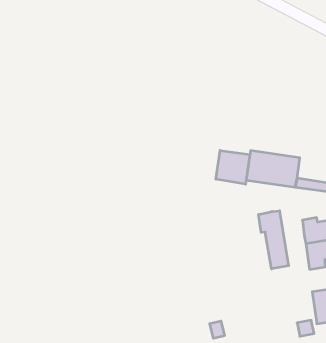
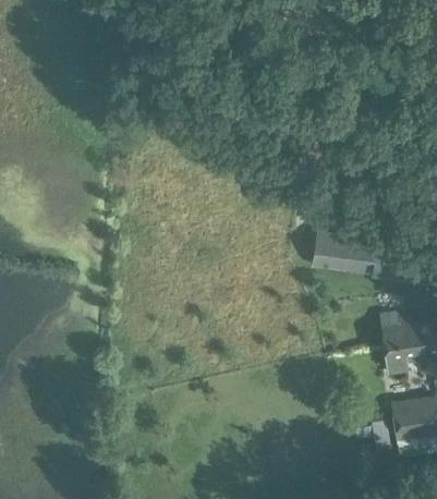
building: [216,150,250,184] -> none
building: [259,211,289,269] -> none

